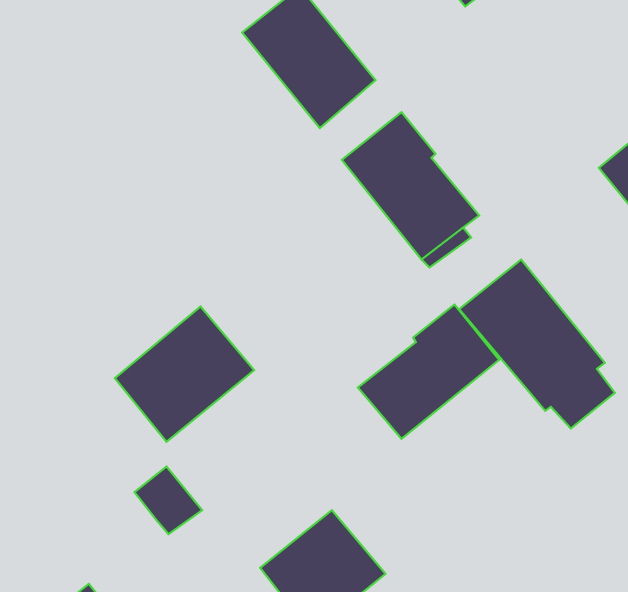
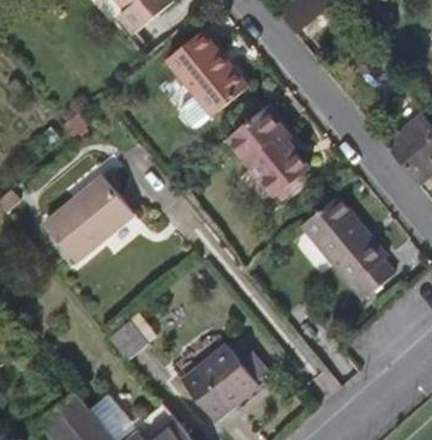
building: [358,305,499,439] -> none
building: [115,306,254,442] -> [43,180,127,261]

